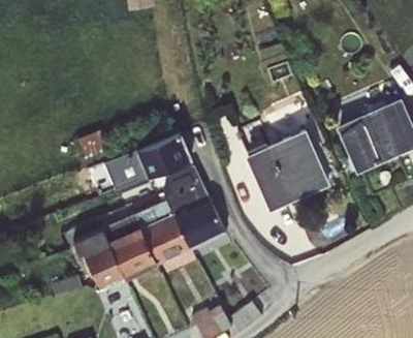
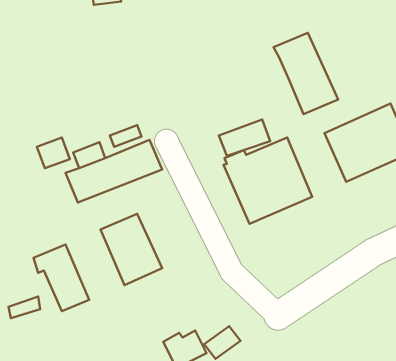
building: none -> [274,33,338,114]
building: [165,166,226,250] -> none
building: [103,215,157,279] -> none

